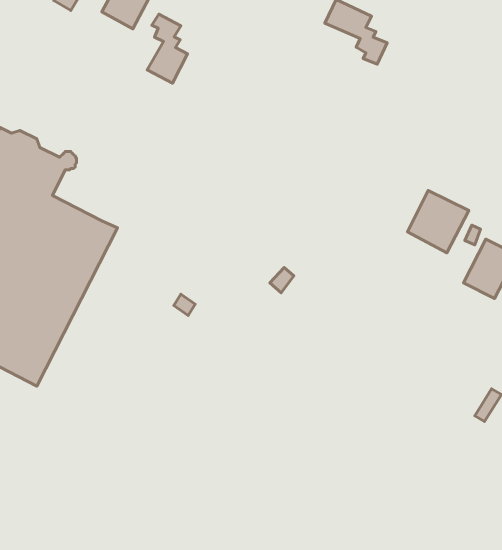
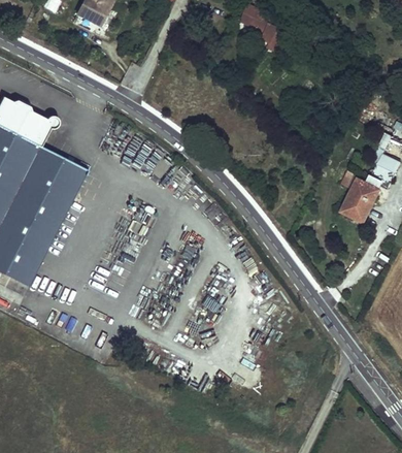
building: [147,14,188,83] -> none
building: [408,190,469,253] -> none

